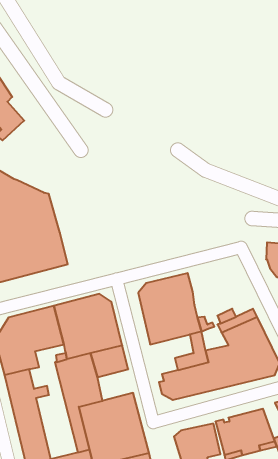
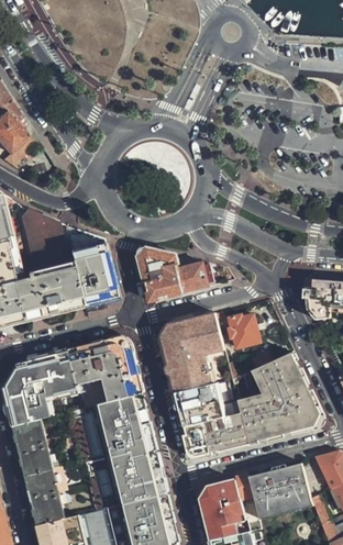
building: none -> [62,225,115,303]
building: none -> [137,249,207,301]
building: none -> [226,314,258,347]
building: none -> [173,393,204,426]
building: none -> [115,420,155,455]

